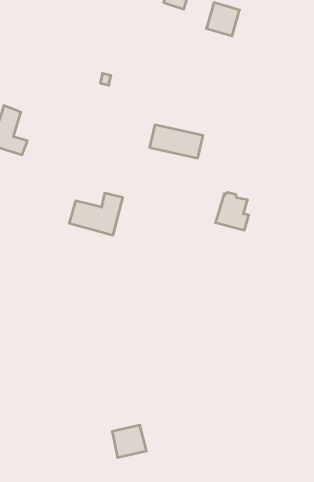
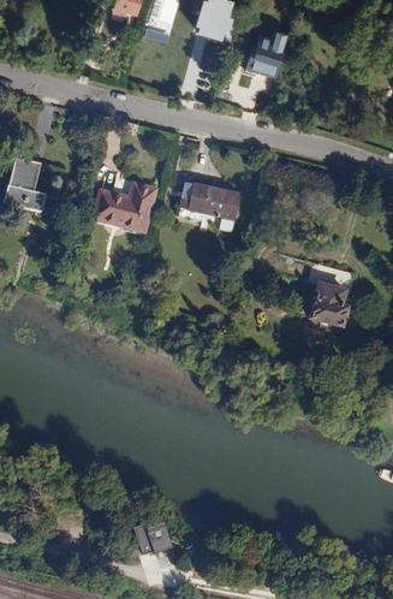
building: [215,192,249,230] -> [312,280,350,322]
building: [69,193,123,235] -> [95,182,155,229]

